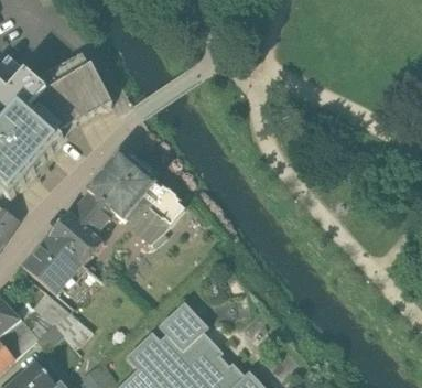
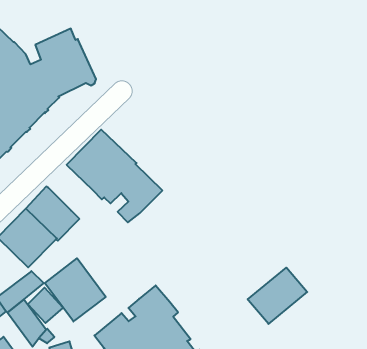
building: [71,191,115,234] -> none
building: none -> [248,268,307,324]
building: none -> [45,258,106,322]

